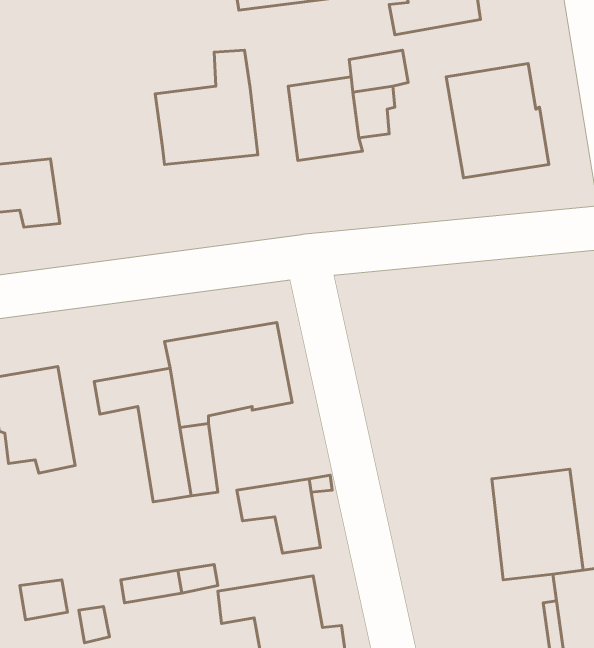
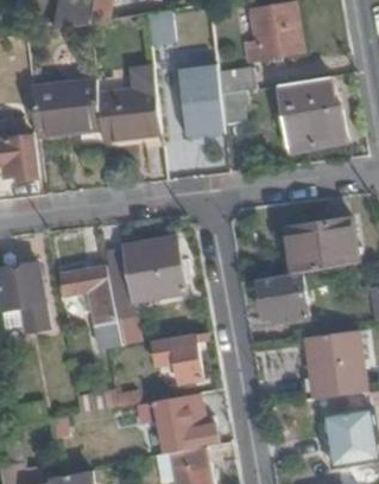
building: none -> [31,81,102,136]
building: none -> [289,221,359,273]
building: none -> [259,276,311,317]

